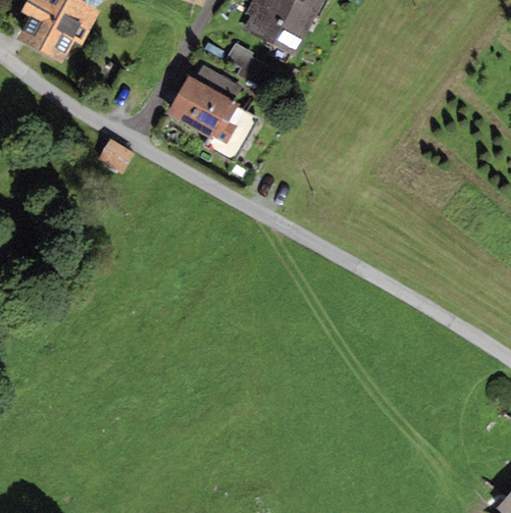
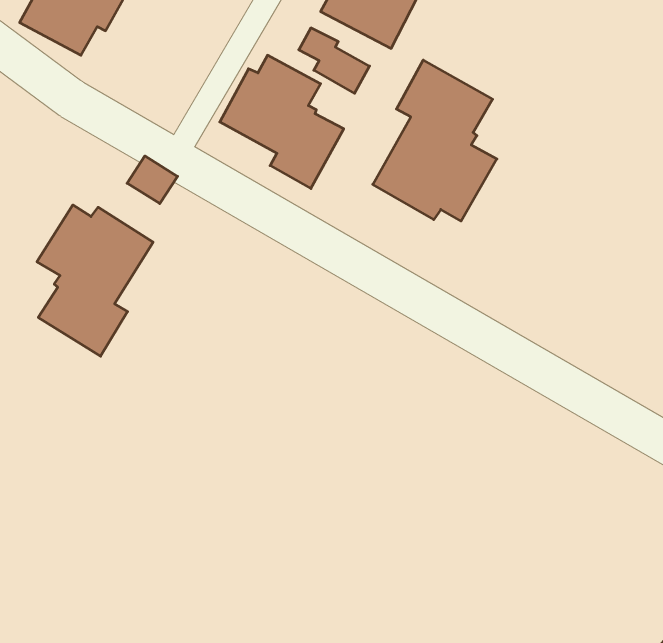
building: none -> [373,60,497,221]
building: none -> [37,205,153,356]

